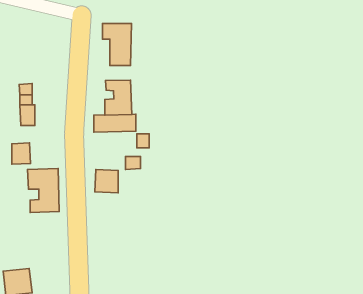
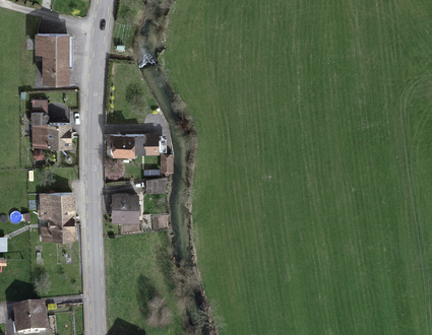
building: [103,23,131,65] -> [38,35,69,80]
building: [105,80,132,115] -> none
building: [12,143,30,164] -> [48,123,68,146]

